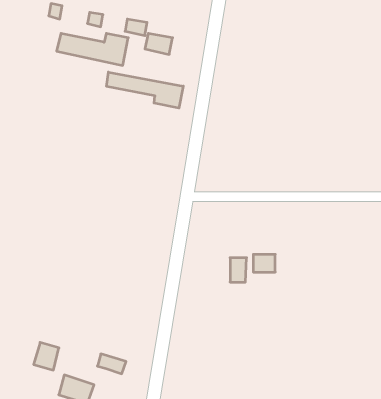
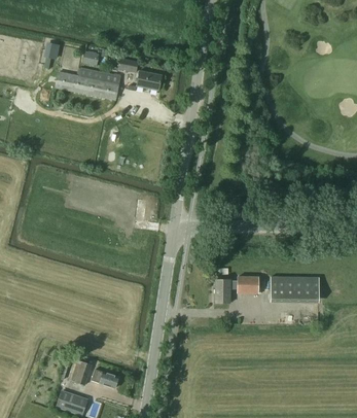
building: [107,72,183,108] -> none
building: none -> [269,277,319,303]
building: [34,342,59,370] -> [68,359,92,385]

